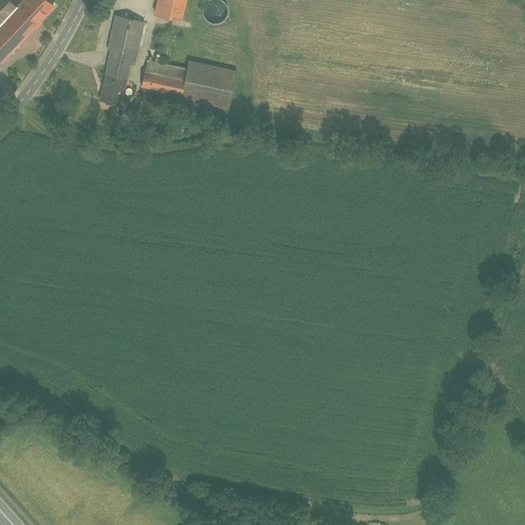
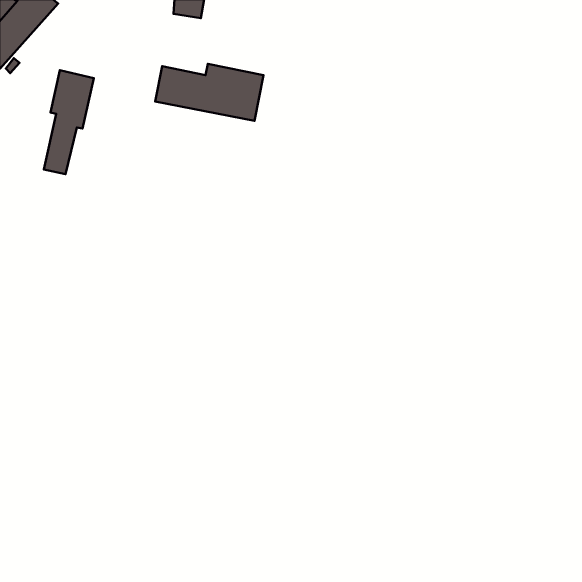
building: [98,11,144,105] -> [44,70,94,174]

